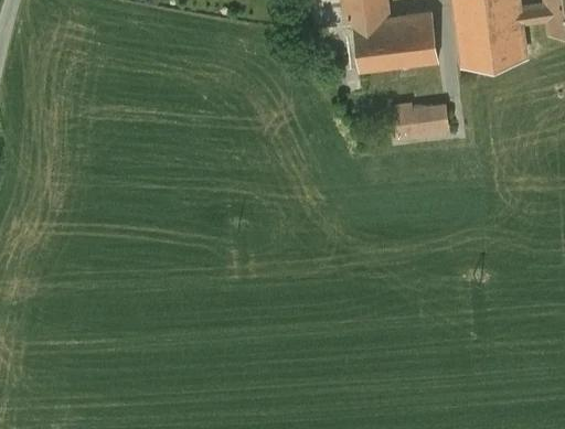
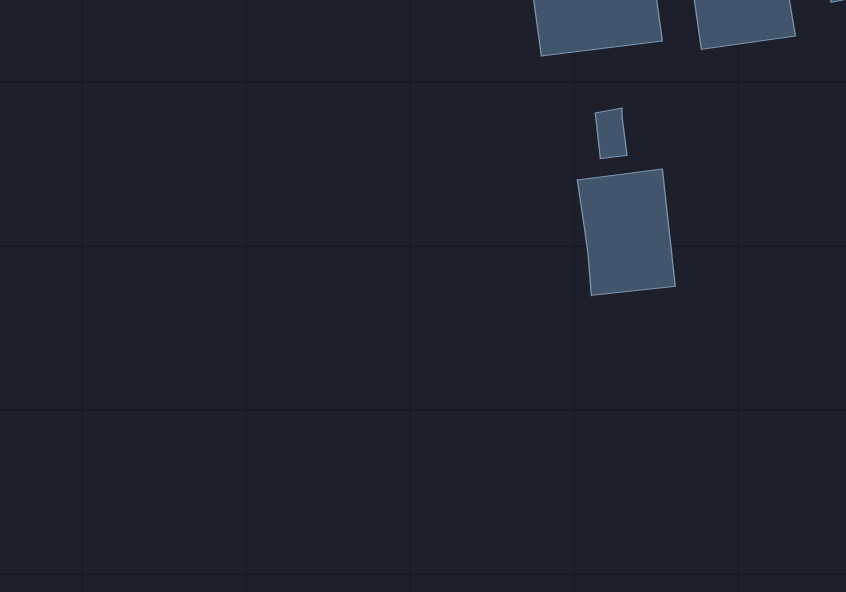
building: [413,108,448,138] -> none
building: none -> [577,169,675,296]

